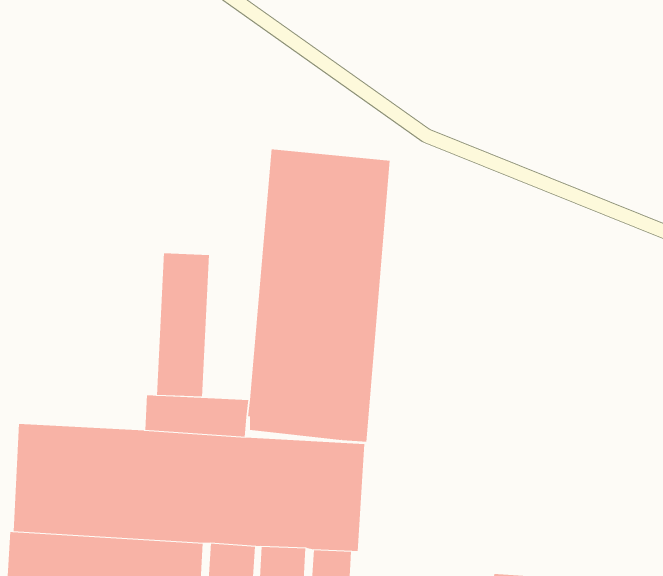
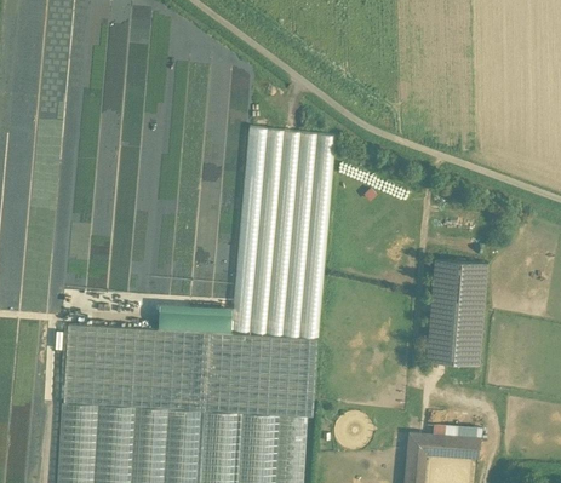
building: [156,252,209,397] -> none
building: none -> [427,259,488,366]

